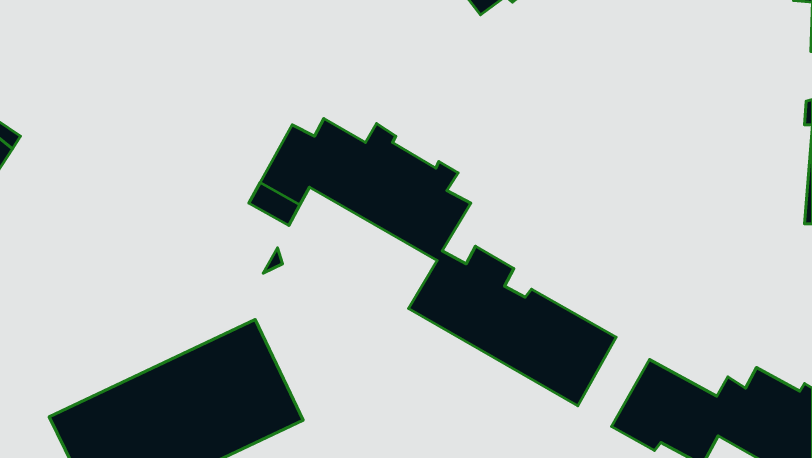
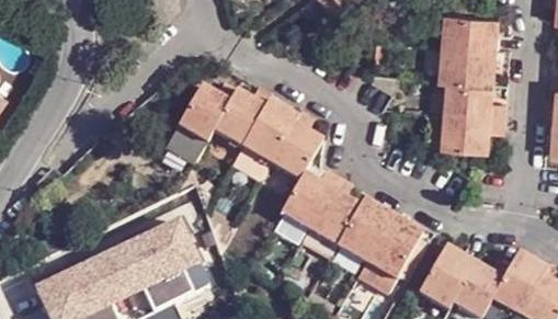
building: none -> [441,10,506,148]

